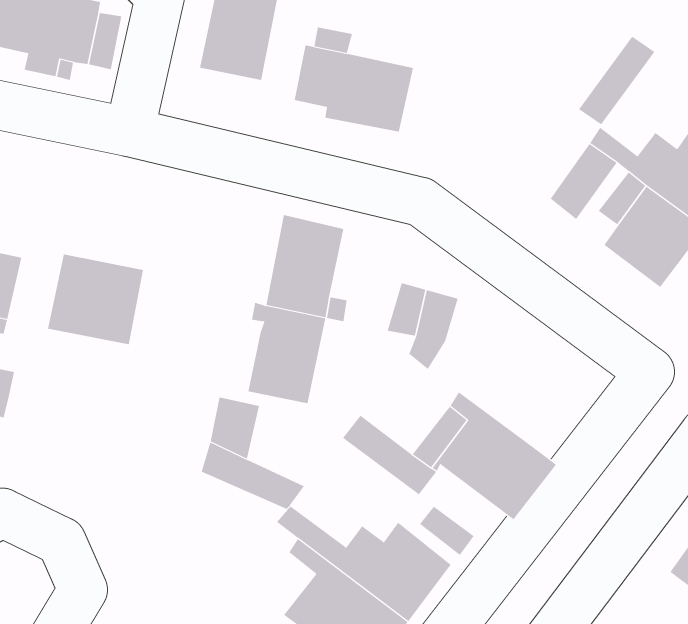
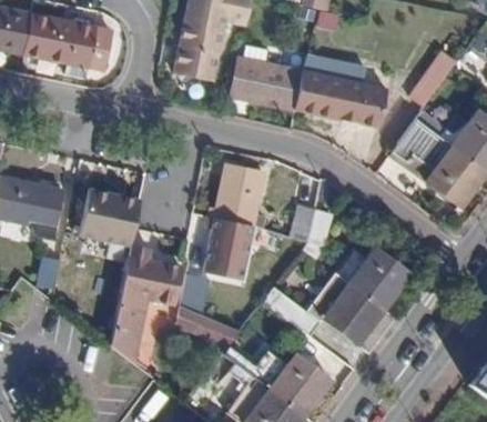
building: none -> [298,54,388,120]
building: none -> [111,243,183,362]
building: none -> [335,245,410,308]

